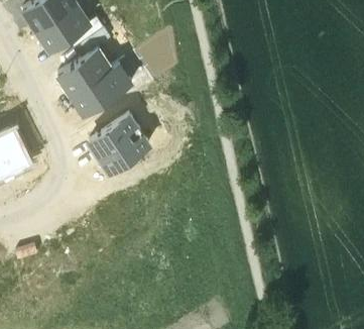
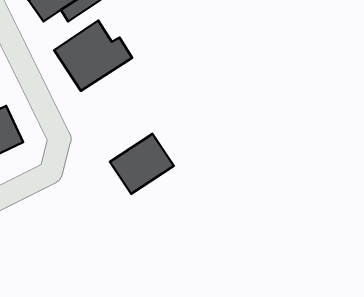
building: [89,117,149,174] -> [110,134,174,194]

